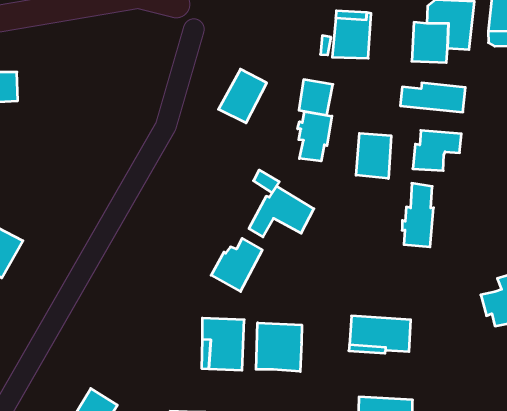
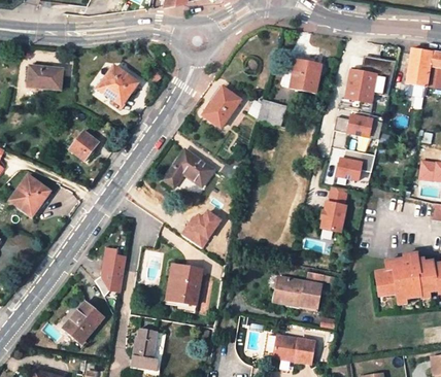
building: none -> [100,65,137,102]
building: [298,112,332,161] -> none
building: [356,133,391,179] -> none
building: none -> [69,130,99,161]
building: [249,186,314,237] -> [166,149,214,185]
building: none -> [95,247,127,296]
building: [256,323,302,372] -> none

